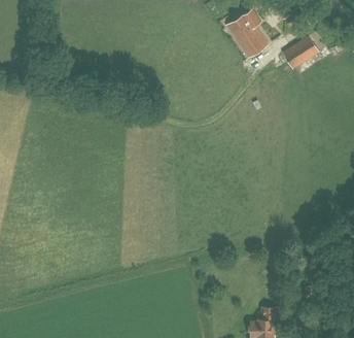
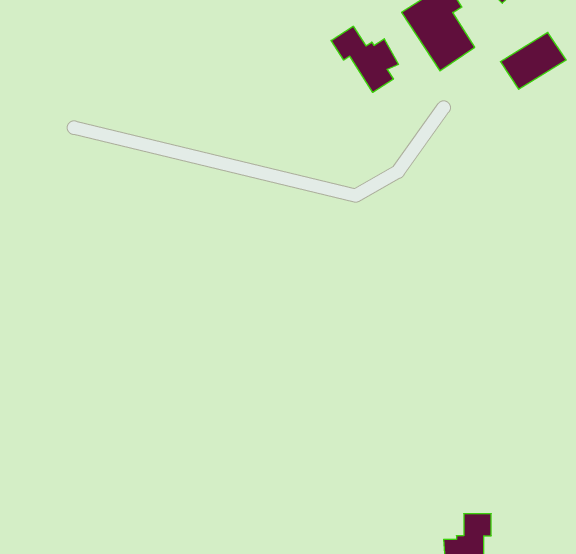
building: none -> [331,26,398,92]

